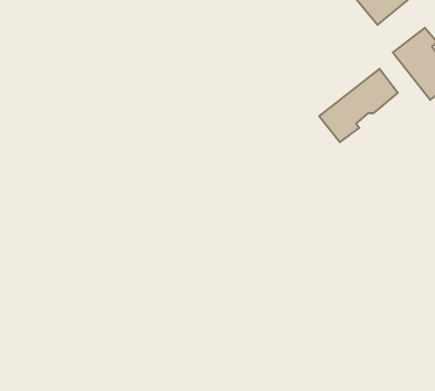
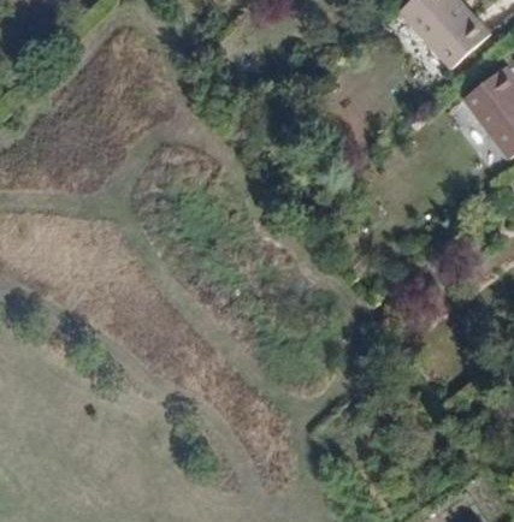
building: [319,69,398,142] -> none

